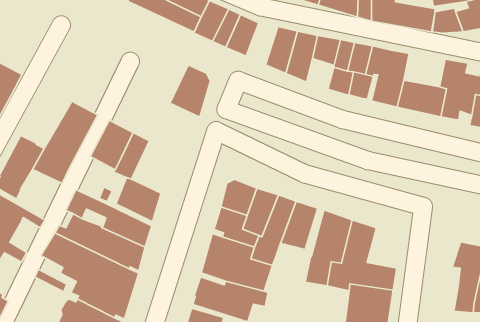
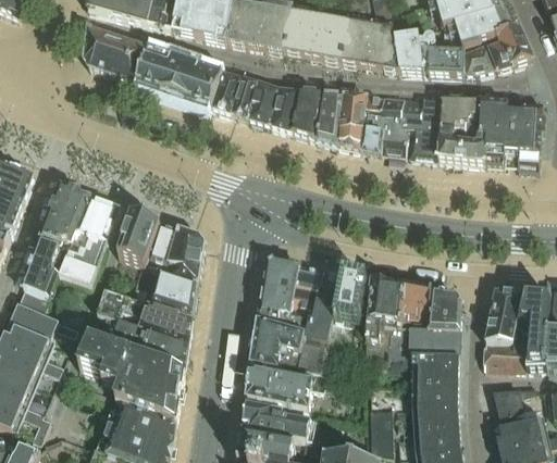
building: none -> [270,87,299,130]
building: none -> [441,99,482,130]
building: none -> [337,117,363,147]
building: [170,65,211,117] -> [164,227,205,281]
building: none -> [41,184,89,250]
building: none -> [426,289,461,329]
building: none -> [483,289,527,367]

